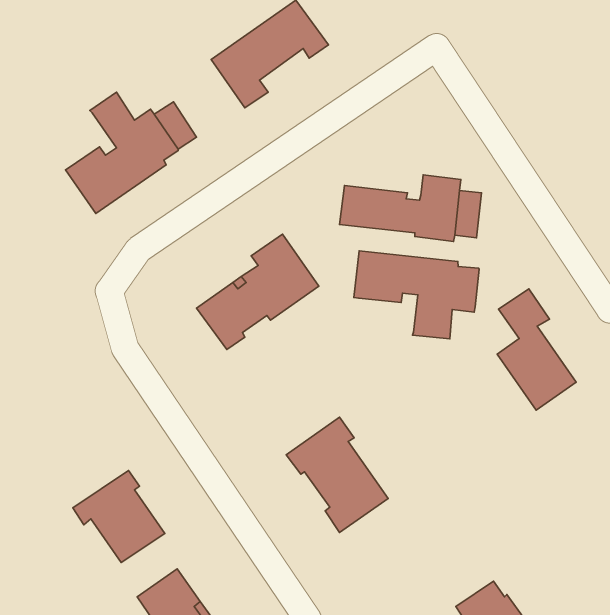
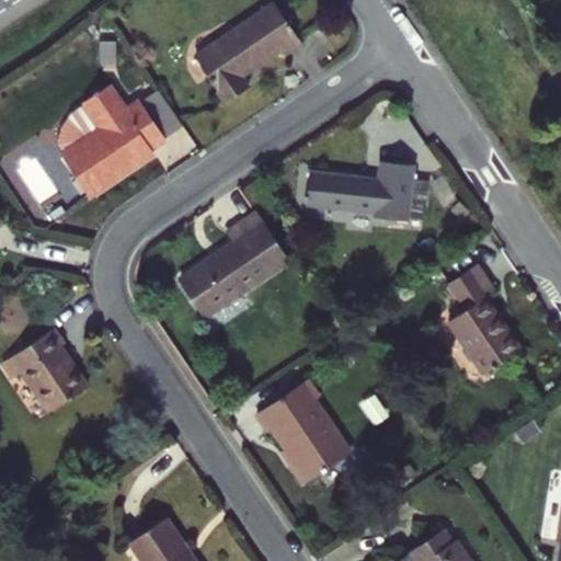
building: none -> [55,106,105,156]
building: [354,251,479,339] -> none
building: [73,470,165,563] -> [9,327,92,410]

